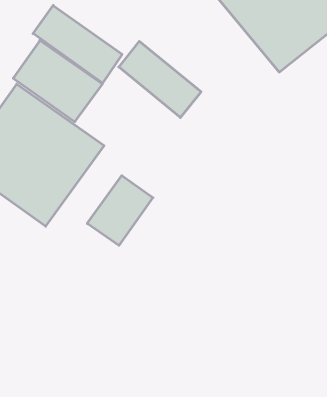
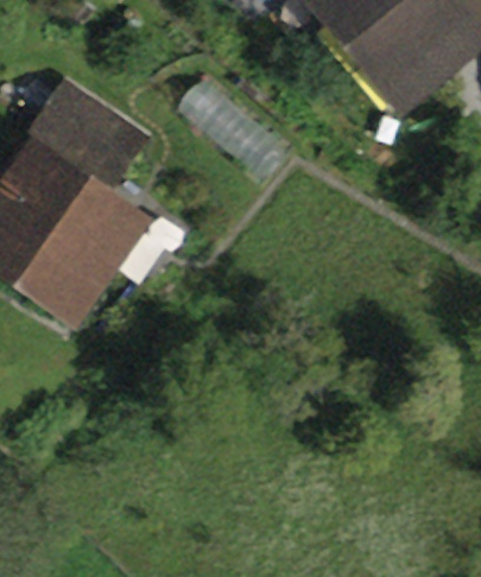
building: [33,5,122,83] -> none
building: [87,176,153,245] -> none

